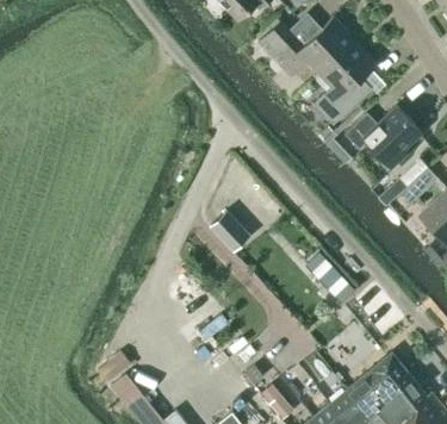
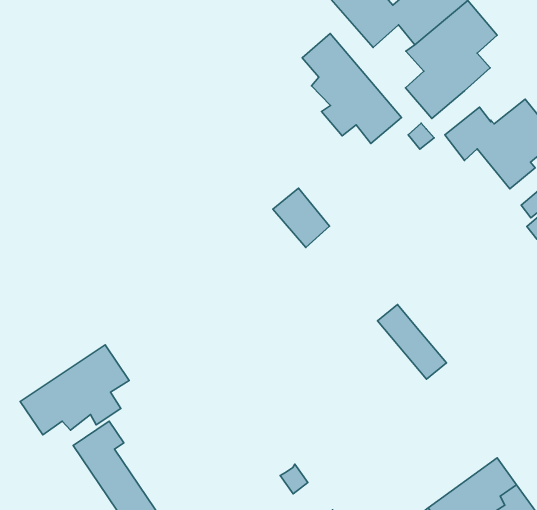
building: none -> [302,34,401,143]
building: [211,212,250,252] -> [273,188,329,248]
building: none -> [20,345,129,435]

